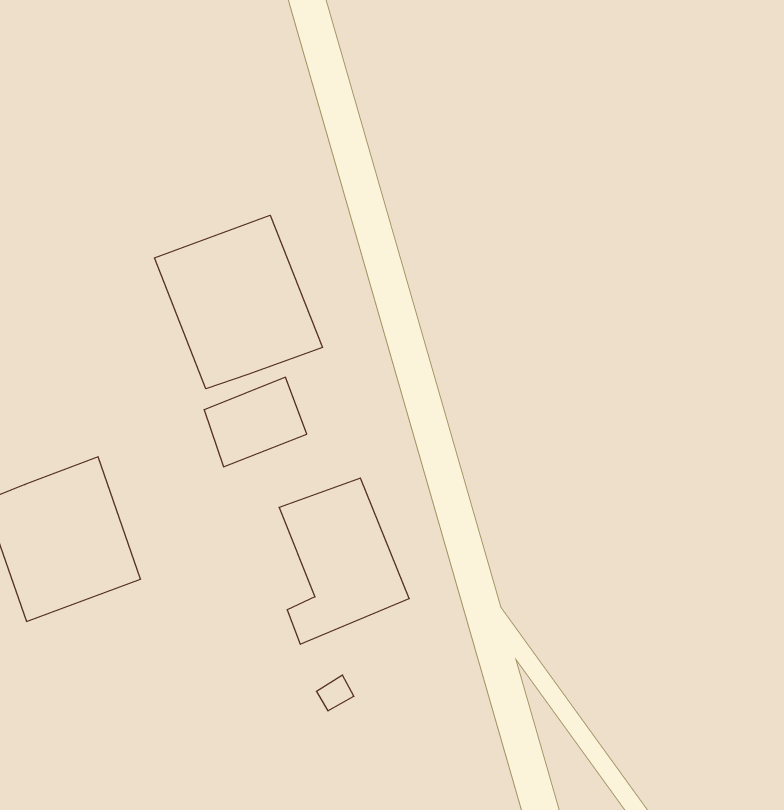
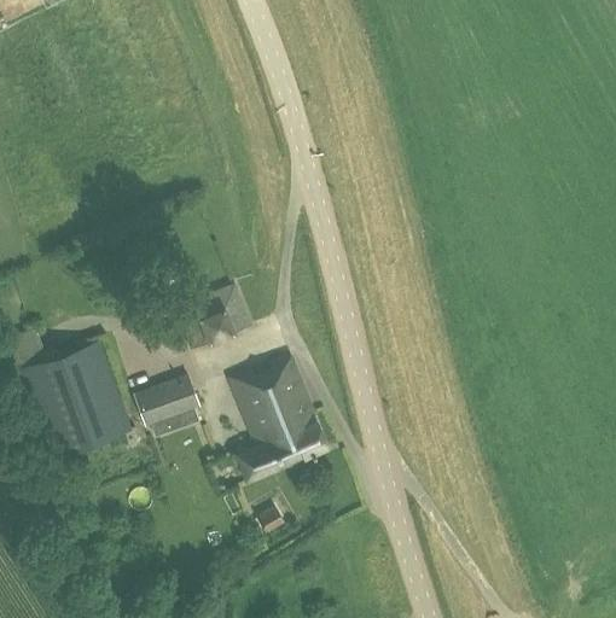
building: [155,215,323,389] -> none
building: none -> [135,375,202,427]

